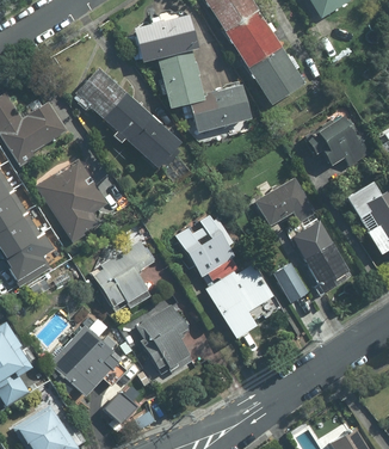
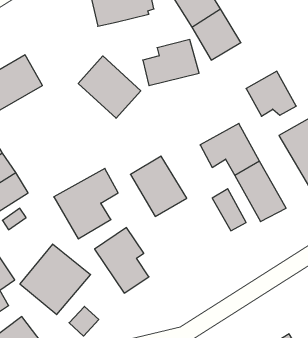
building: [156,50,206,109] -> none
building: [68,60,141,131] -> none
building: [44,160,116,236] -> none
building: [202,258,284,340] -> none

